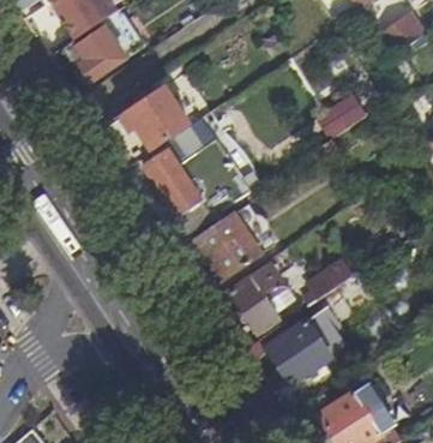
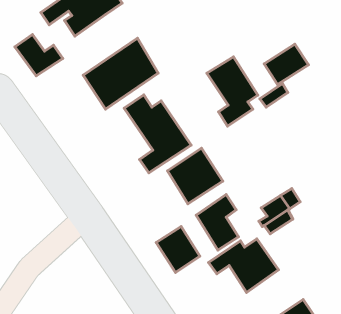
building: none -> [15,35,63,76]
building: none -> [207,57,258,126]
building: none -> [156,226,200,273]

